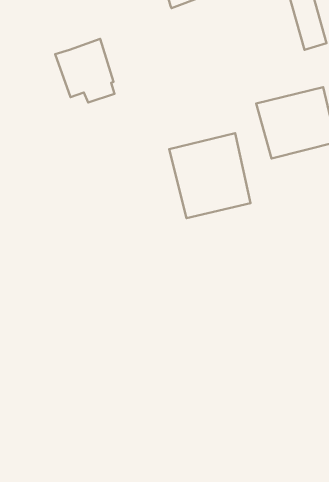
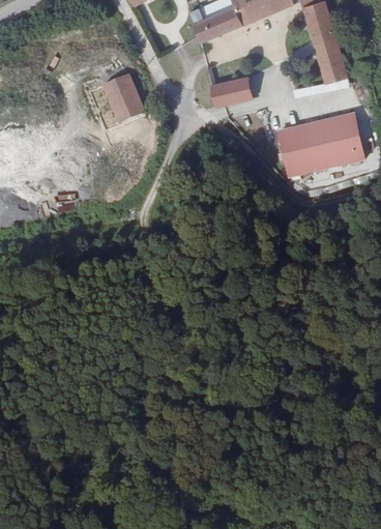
building: none -> [209,78,251,105]
building: [169,133,250,218] -> none

